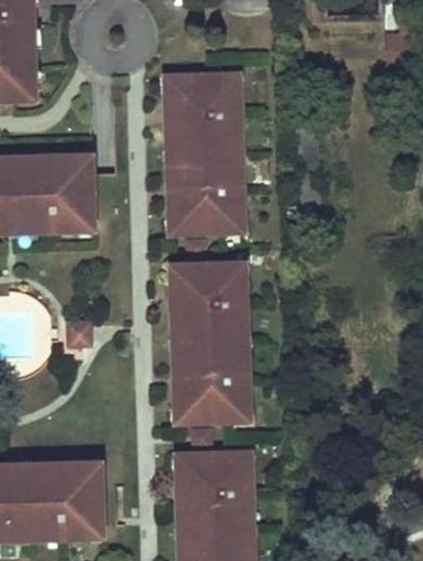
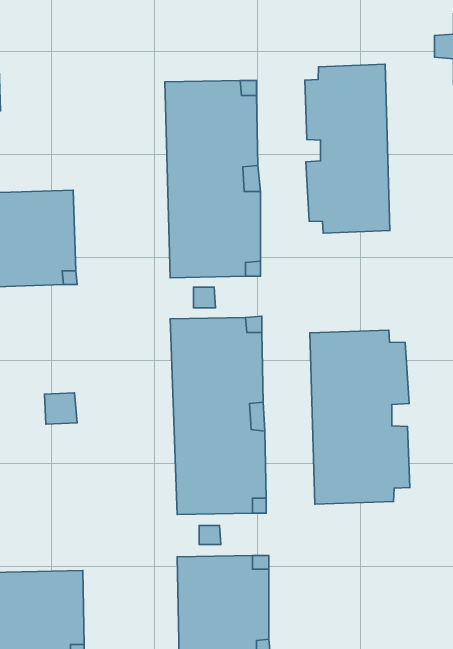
building: none -> [305,64,390,233]
building: none -> [310,330,410,504]

